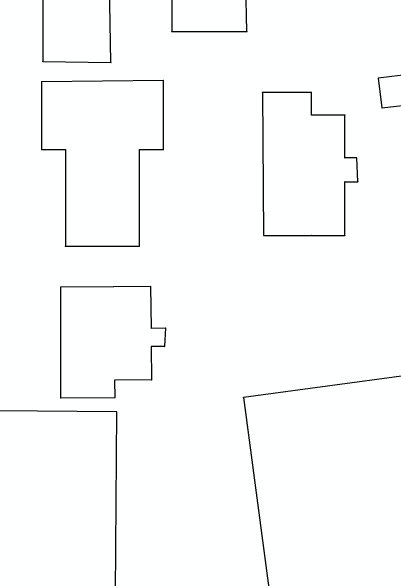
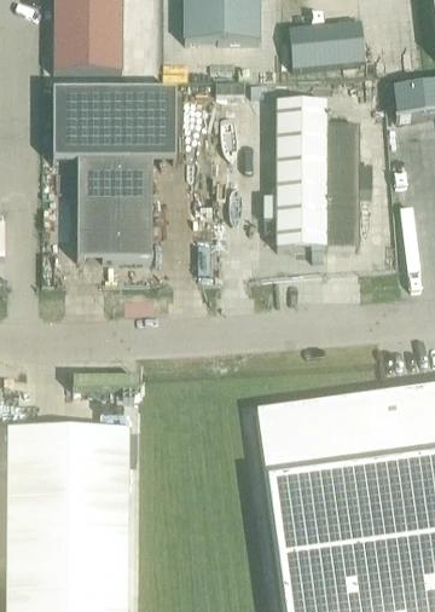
building: none -> [288,19,365,65]
building: [61,286,166,398] -> none

